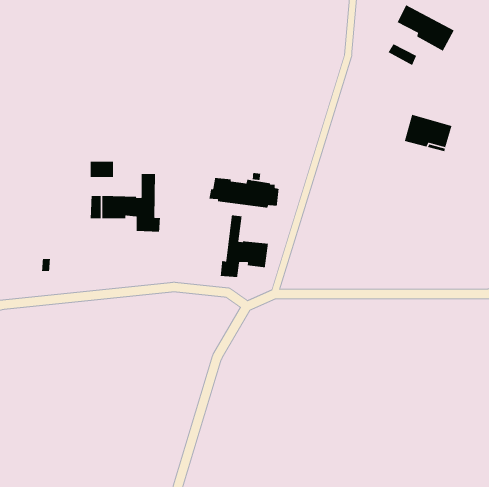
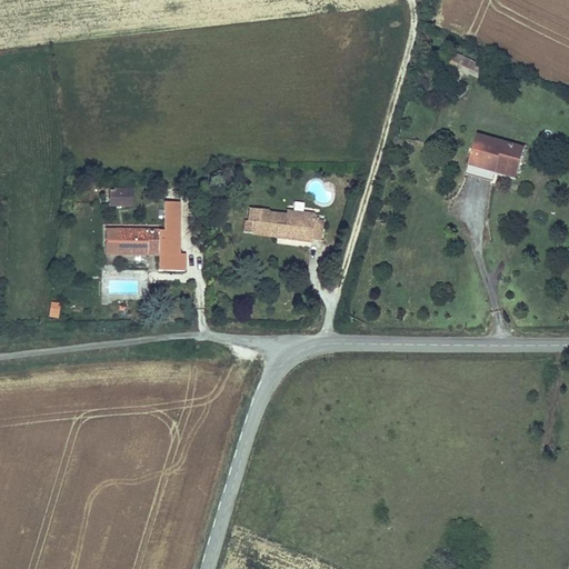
building: [397,4,455,52] -> none
building: [220,214,269,278] -> none

